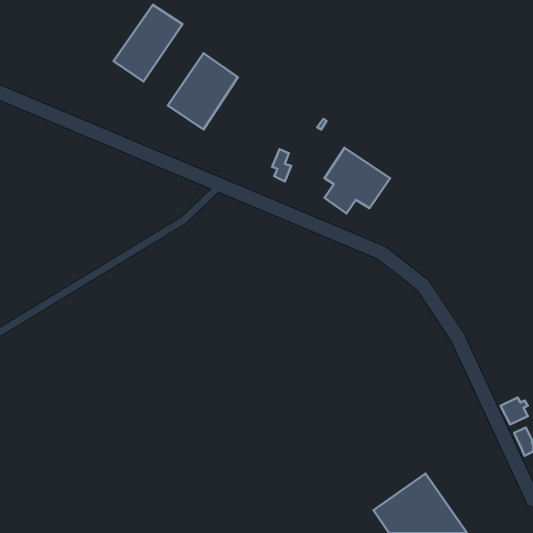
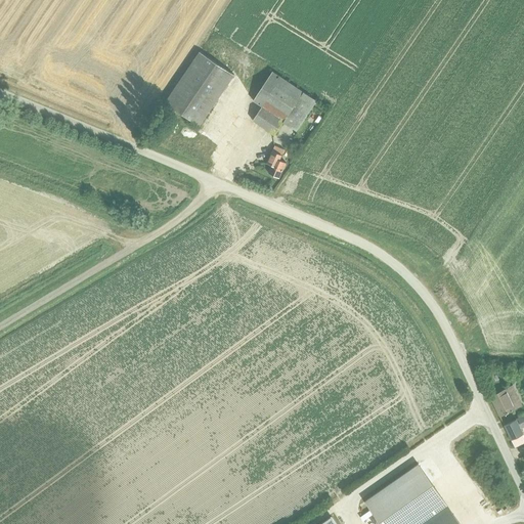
building: [114,5,182,82] -> none
building: [325,148,390,214] -> [253,71,317,135]

